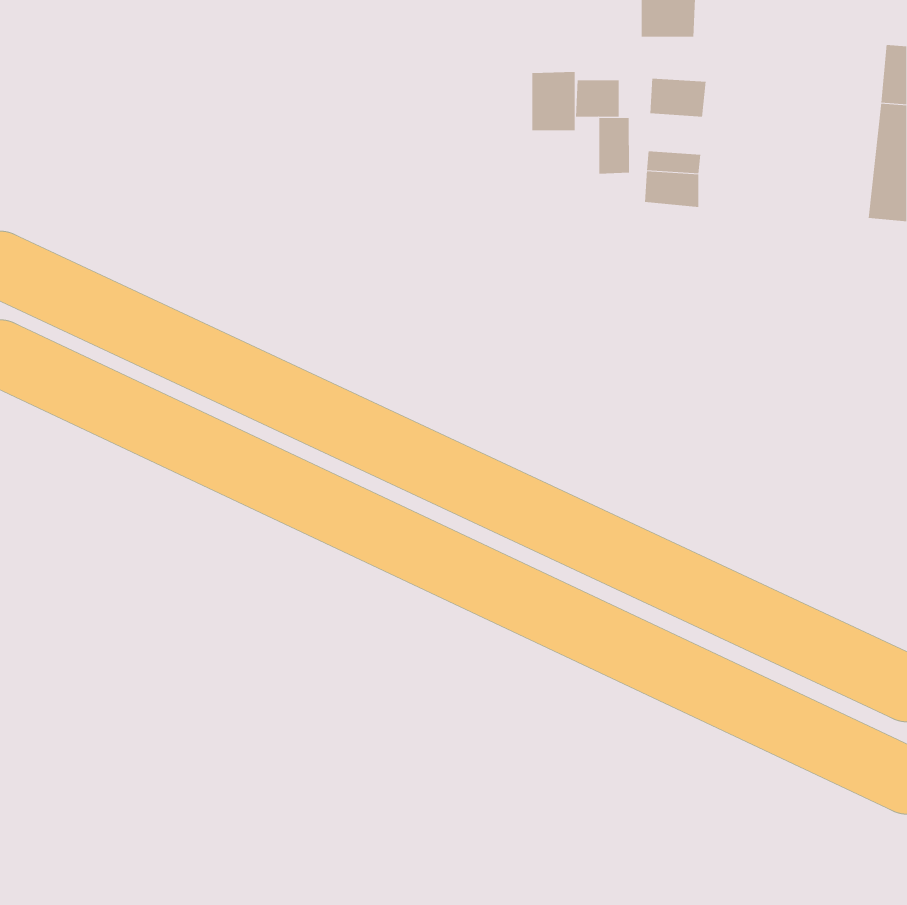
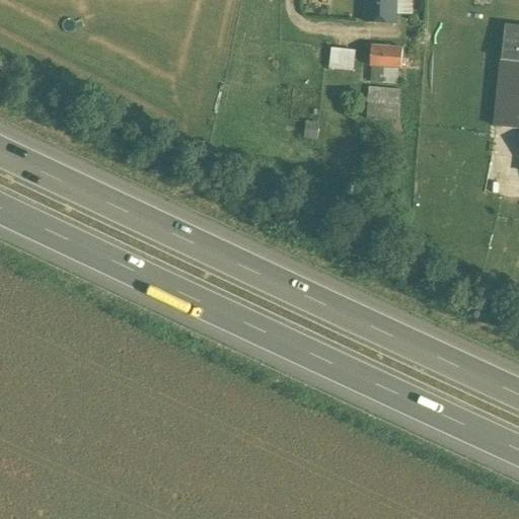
building: [532,71,575,131] -> none
building: [599,117,629,174] -> none

